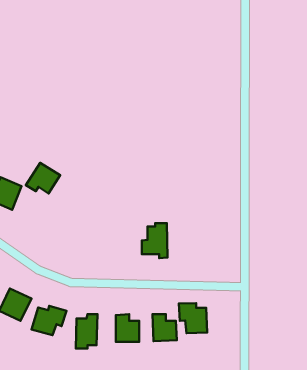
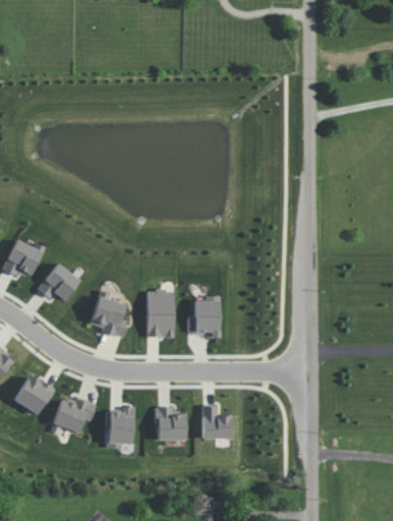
building: [26,163,60,194] -> [38,263,79,300]
building: none -> [91,290,125,337]
building: none -> [146,290,173,336]
building: [179,303,207,333] -> none

